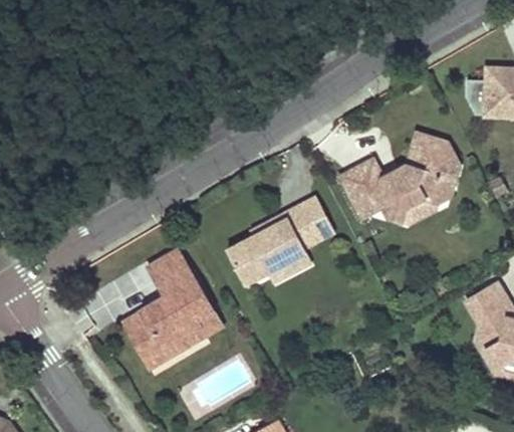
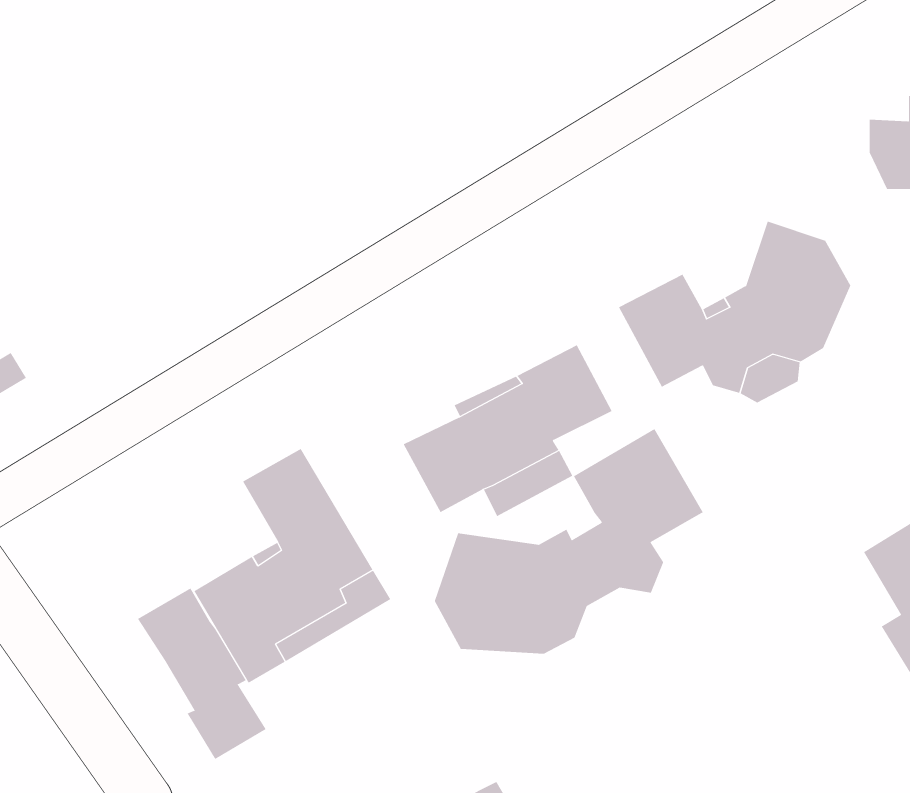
building: none -> [434,428,703,654]
building: none -> [137,588,267,760]

